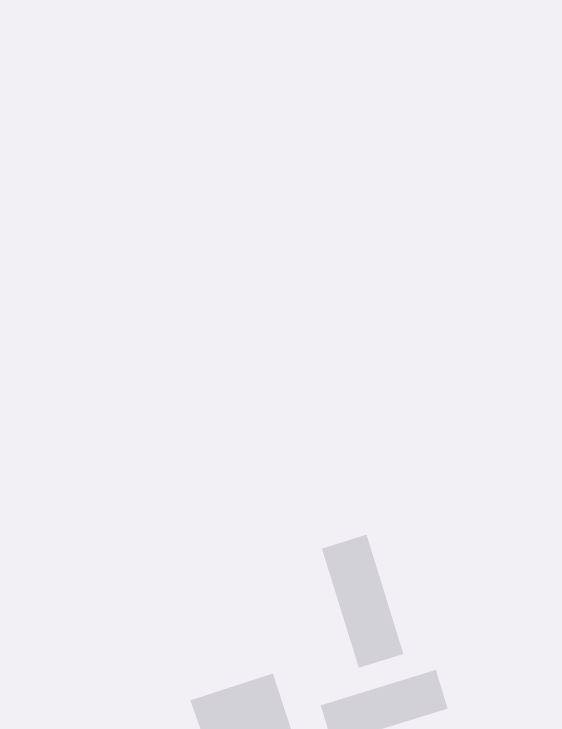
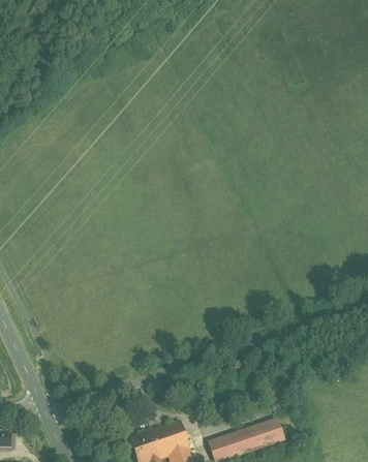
building: [321,534,404,669] -> none

